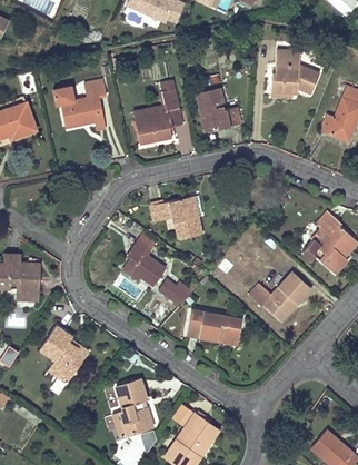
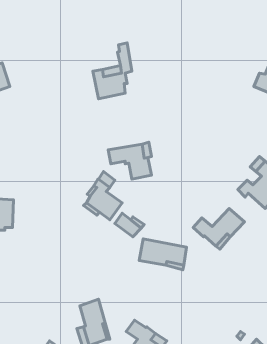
building: [271,50,319,95] -> none
building: [52,80,106,129] -> none
building: [196,88,240,131] -> none
building: [41,325,90,383] -> none

